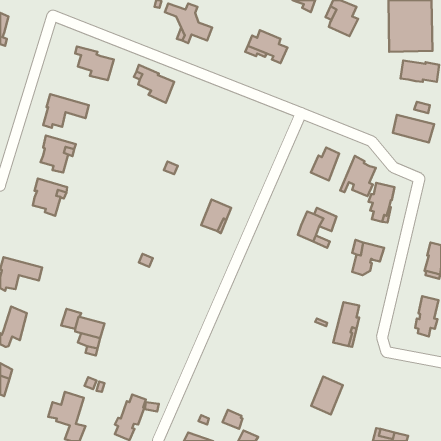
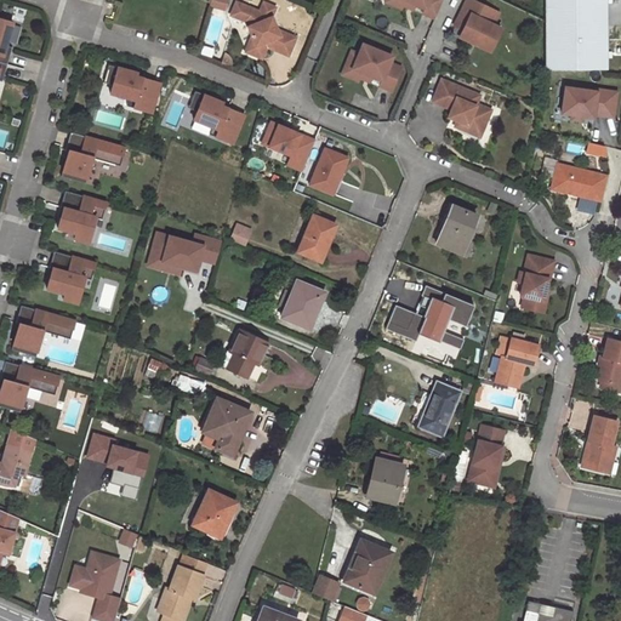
building: none -> [435,80,497,132]
building: none -> [261,121,313,170]
building: none -> [310,148,348,193]
building: none -> [298,215,337,261]
building: [340,156,376,196] -> none
building: none -> [146,232,220,274]
building: none -> [11,306,75,353]
building: none -> [386,306,423,340]
building: none -> [229,329,269,376]
building: none -> [420,382,460,435]
building: none -> [205,398,251,454]
building: none -> [370,461,401,498]
building: none -> [194,489,237,537]
building: [311,377,343,415] -> [348,541,393,594]

